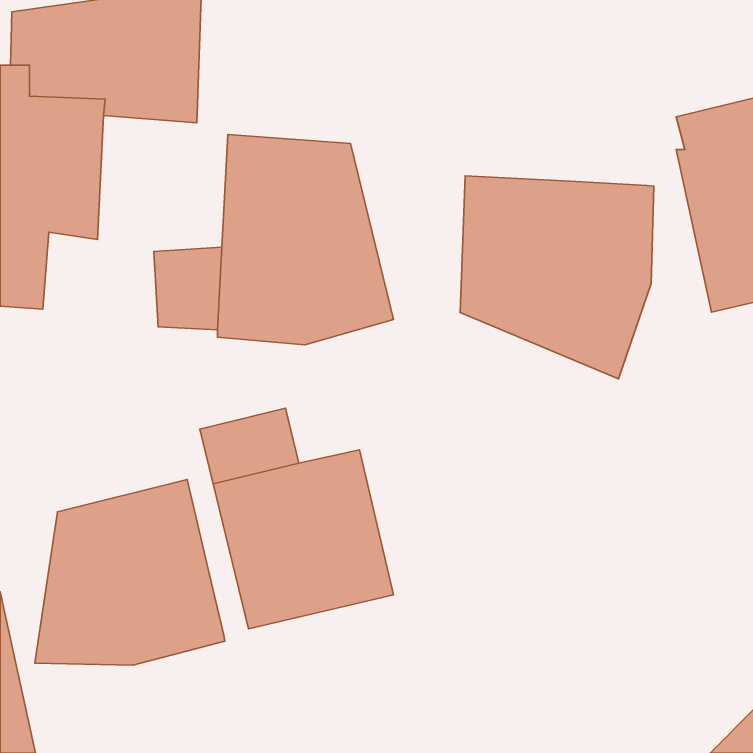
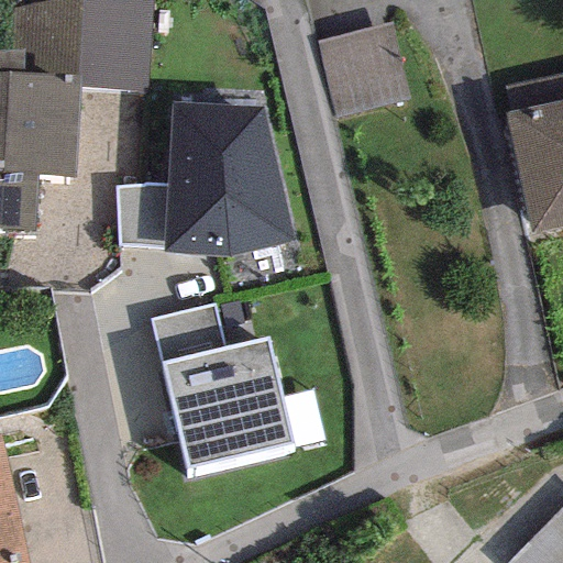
building: none -> [318,22,410,115]
building: [460,176,654,379] -> none
building: [35,479,225,665] -> none

